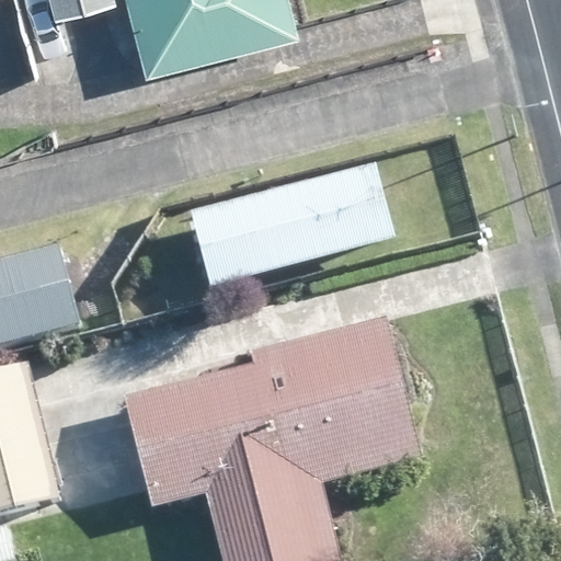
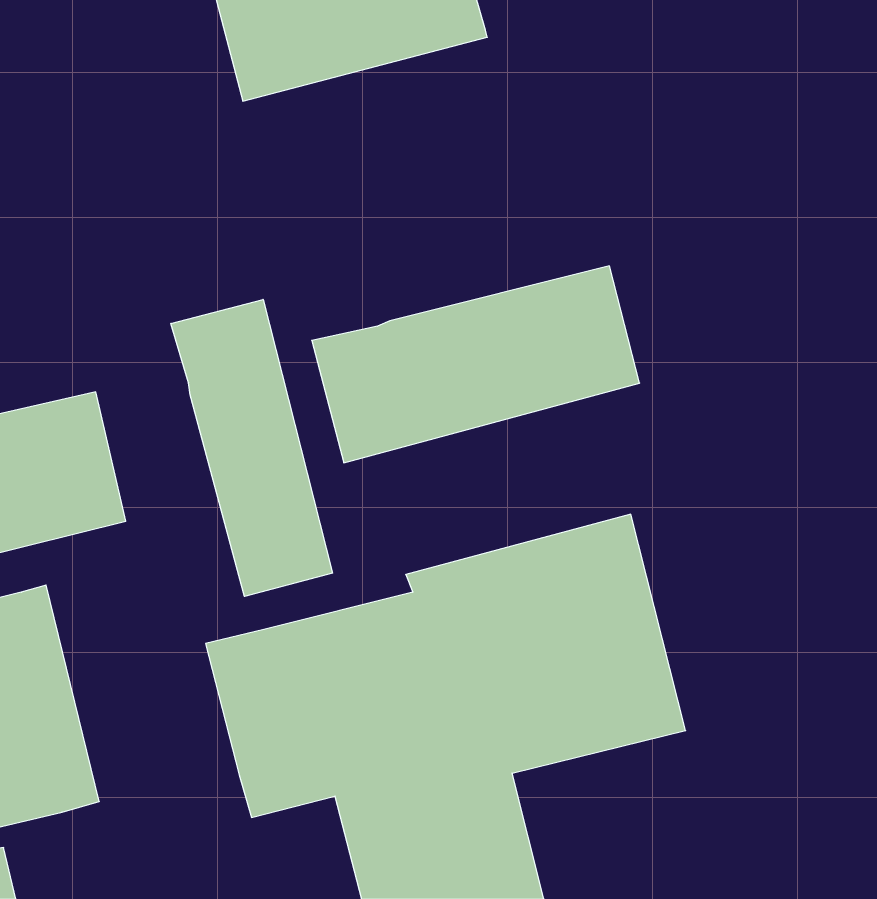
building: none -> [171,299,332,596]

